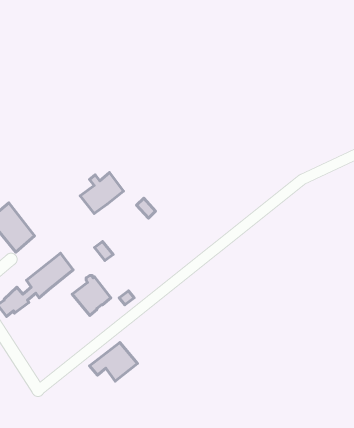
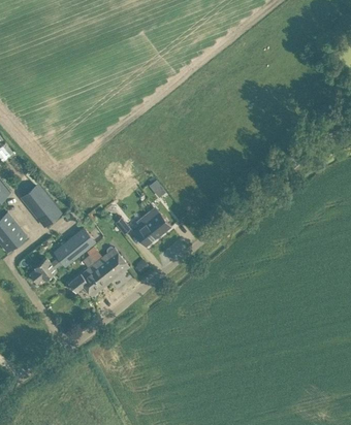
building: [80,173,123,214] -> [131,210,169,247]
building: [89,342,137,381] -> [66,263,108,297]

